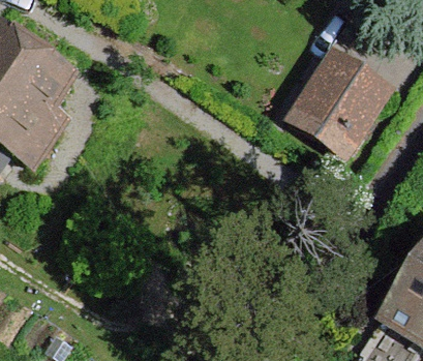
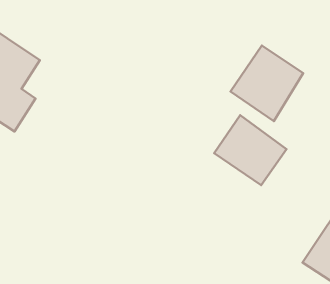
building: none -> [214,115,286,185]

